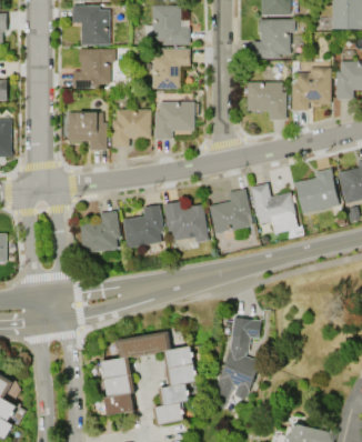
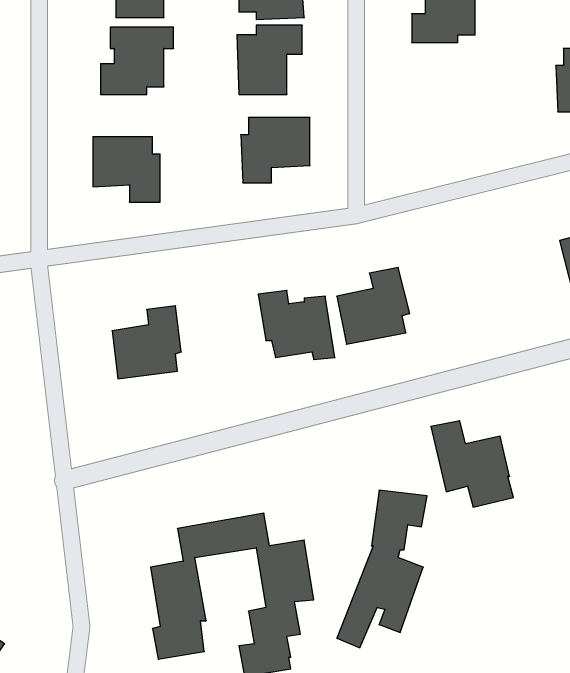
building: [291,68,331,111] -> none
building: [247,82,285,120] -> none
building: [112,110,150,148] -> none
building: [295,169,339,213] -> none
building: [250,183,298,233] -> [431,421,513,507]
building: [122,204,163,248] -> none

